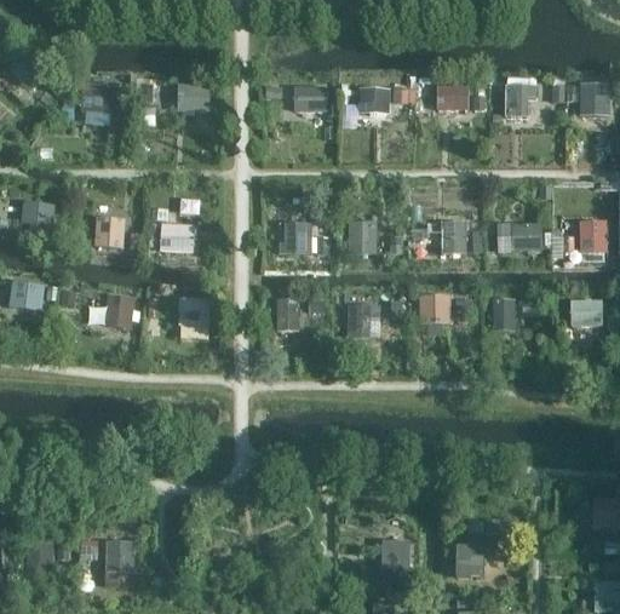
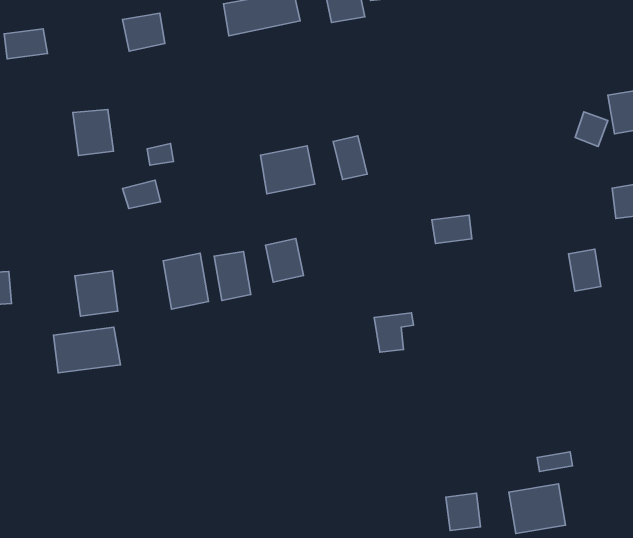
building: [96,210,127,248] -> [73,110,113,156]
building: [442,219,470,252] -> none
building: [503,219,536,245] -> none
building: [494,299,517,332] -> [568,249,601,291]
building: none -> [214,251,251,300]
building: [350,304,383,335] -> [374,313,414,352]
building: none -> [53,327,120,373]

